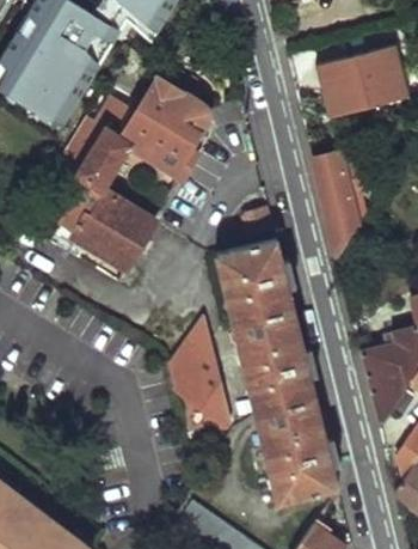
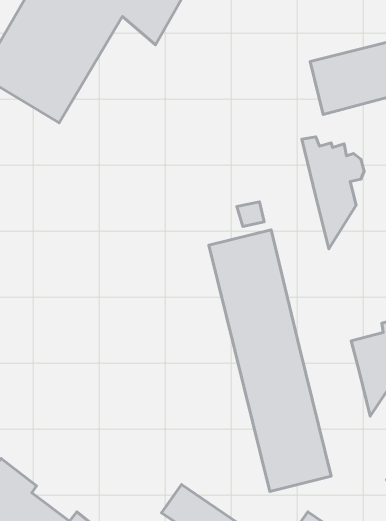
building: [41,81,209,285] -> none
building: [177,336,234,431] -> none

